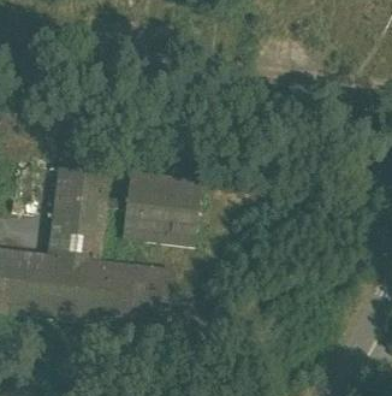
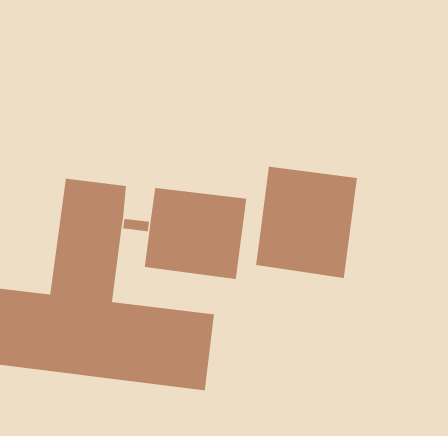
building: none -> [255,166,358,279]

